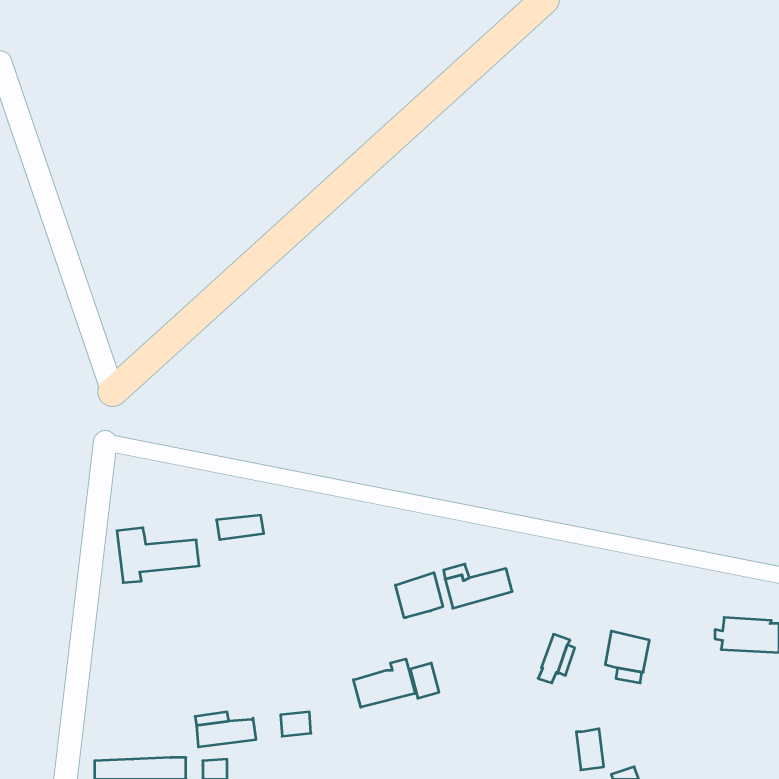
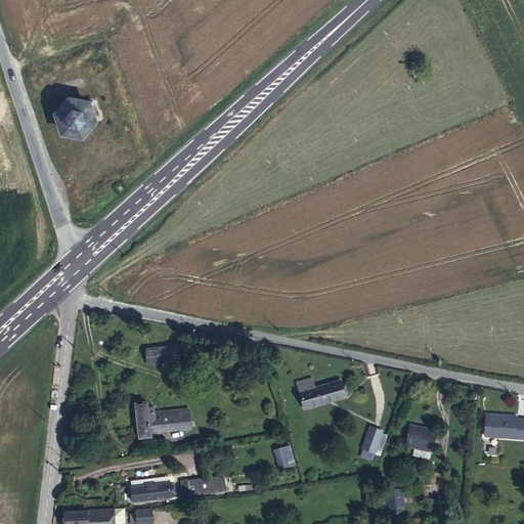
building: none -> [57,98,95,136]
building: [117,528,199,583] -> [135,400,190,437]
building: [395,573,443,618] -> none
building: [353,659,415,707] -> none

